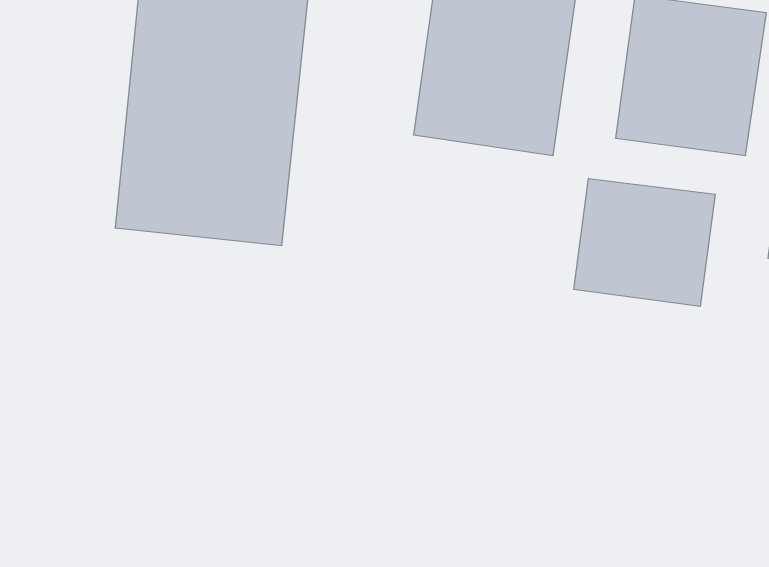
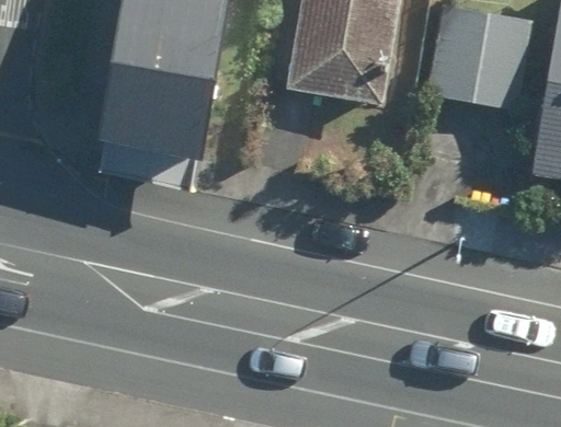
building: [574,178,715,306] -> none

